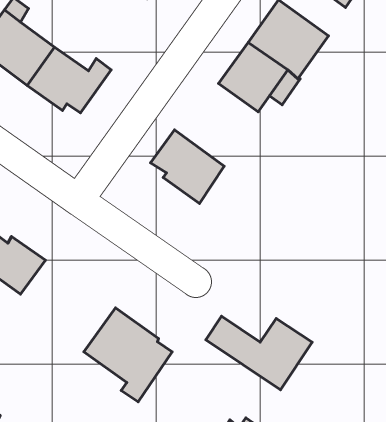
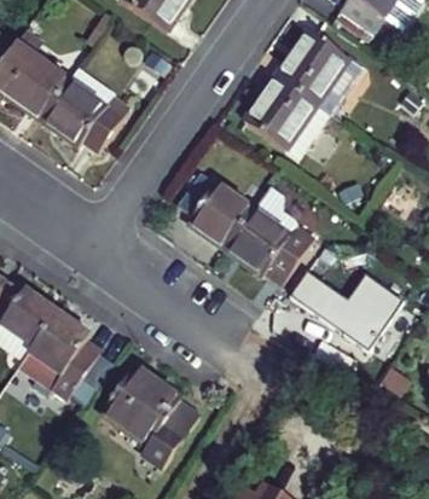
building: none -> [221,208,305,279]
building: none -> [28,308,98,391]
building: [206,316,312,390] -> [284,266,398,344]

